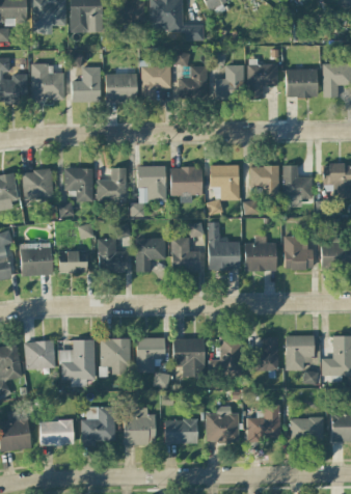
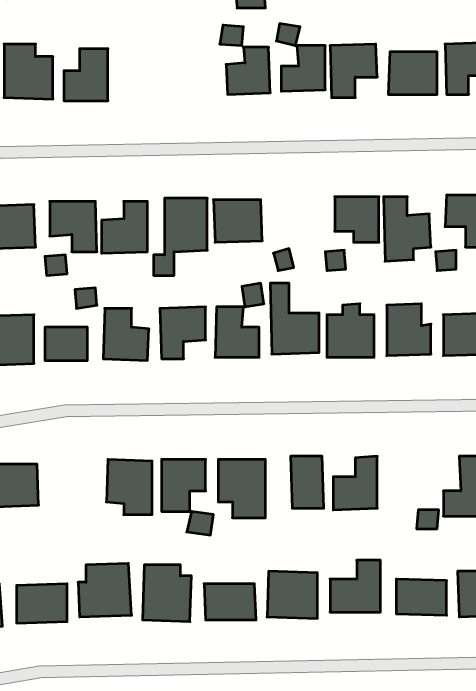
building: [141,66,171,98] -> none
building: [105,74,137,102] -> none
building: [211,165,240,200] -> none
building: [286,335,314,371] -> none
building: [60,339,96,380] -> none

